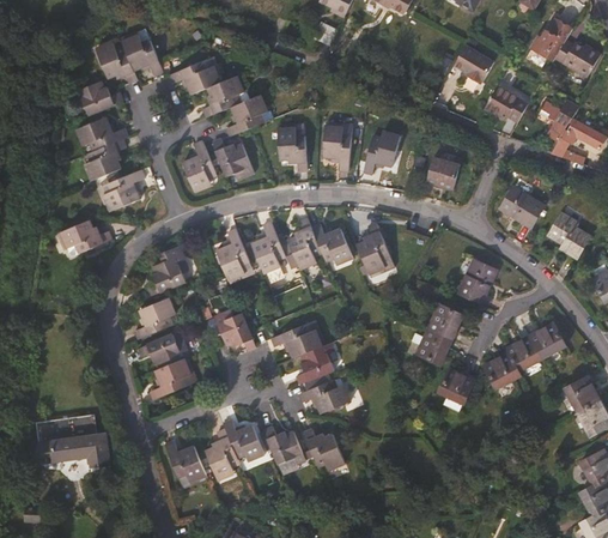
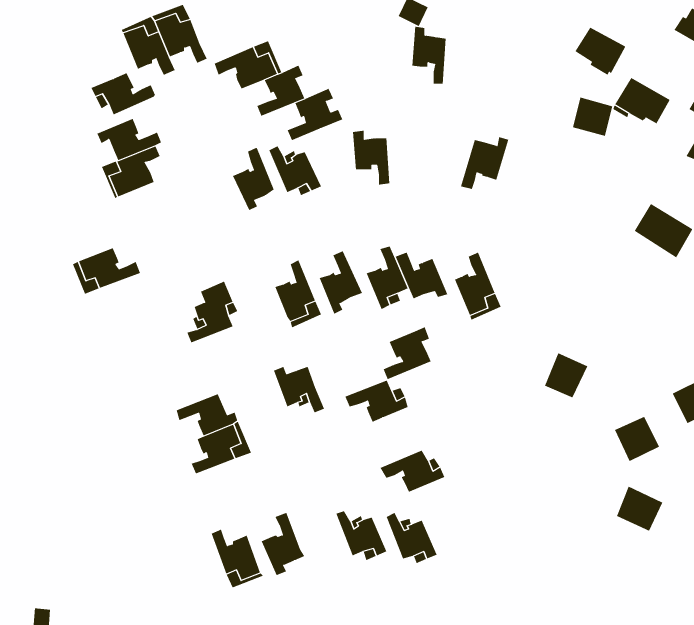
building: [323,125,351,170] -> [412,26,447,84]
building: [427,157,460,188] -> [572,97,613,136]
building: [108,170,145,211] -> none
building: [460,258,497,303] -> none
building: [135,297,174,338] -> none
building: [417,328,451,364] -> none
building: [505,334,541,371] -> none
building: [297,341,335,383] -> [383,327,431,380]
building: [438,367,475,403] -> [616,486,663,531]
building: [38,415,111,463] -> none
building: [224,419,265,457] -> none

